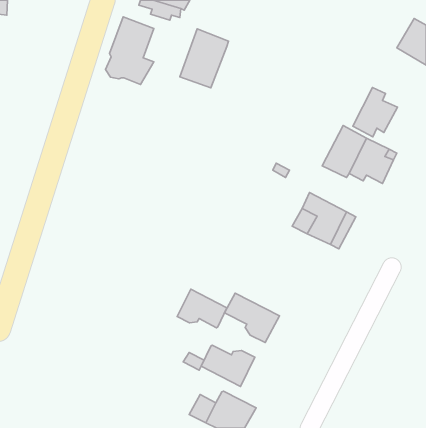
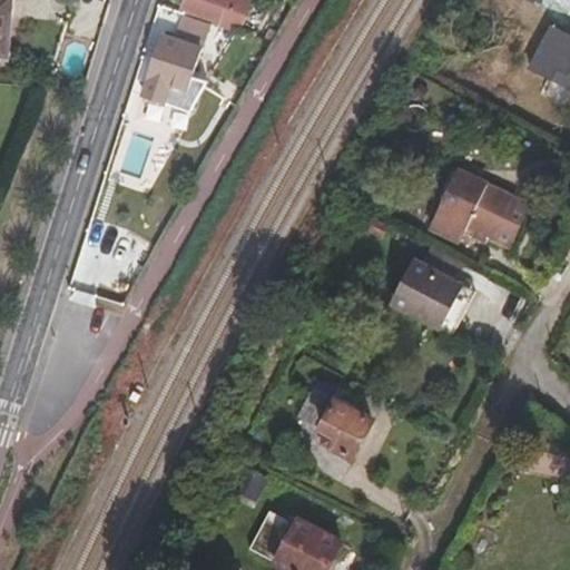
building: [180,29,228,88] -> none
building: [353,87,397,137] -> none
building: [177,289,227,328] -> none
building: [201,345,255,386] -> none

